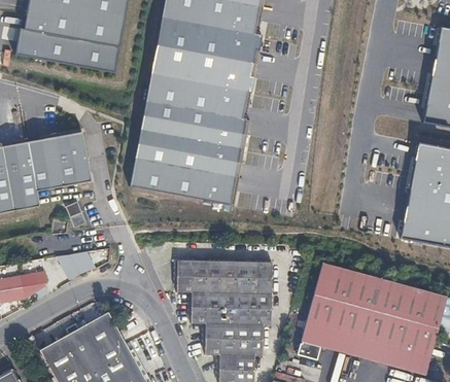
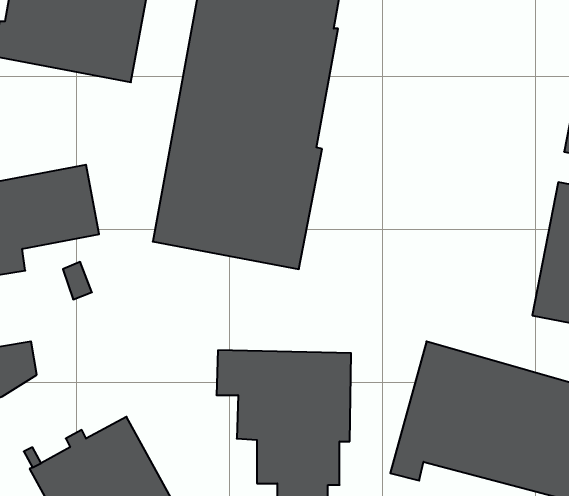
building: [56,249,96,281] -> none

